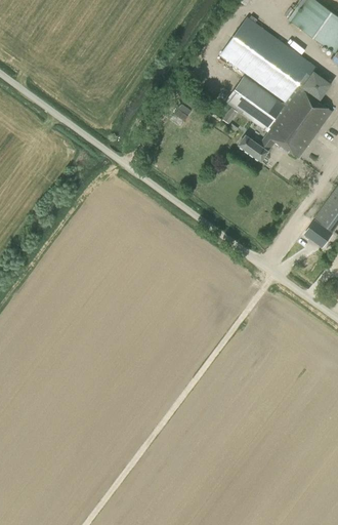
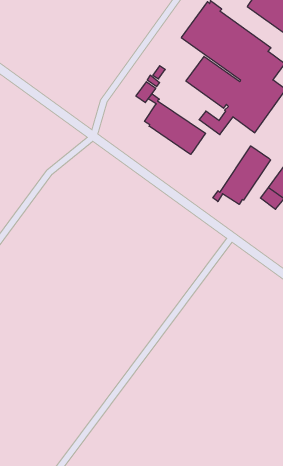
building: none -> [145,94,206,154]
building: none -> [213,146,271,204]

